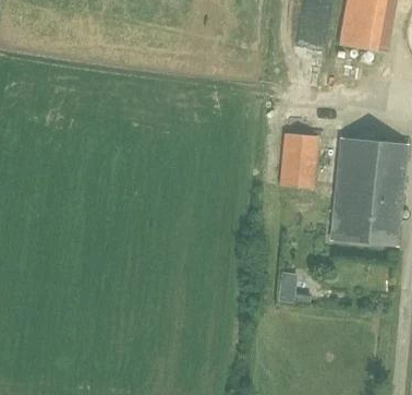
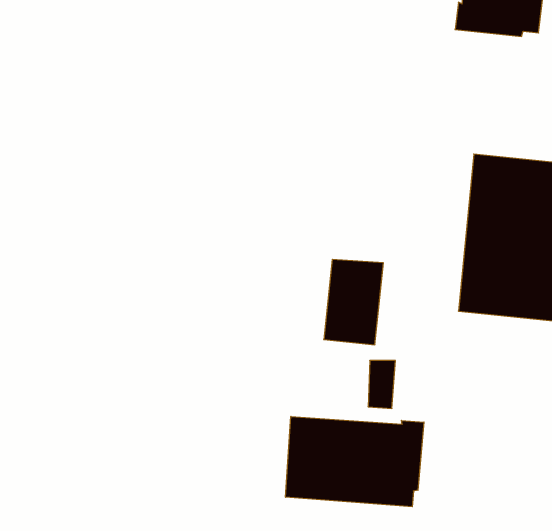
building: [281,134,319,189] -> [324,259,383,345]
building: none -> [286,416,424,507]

